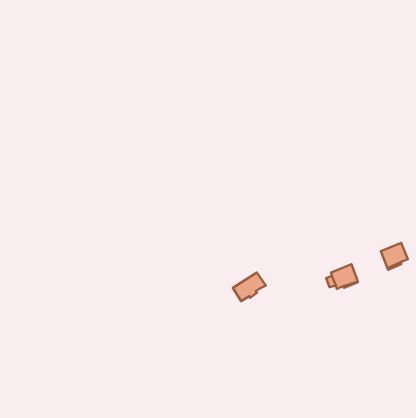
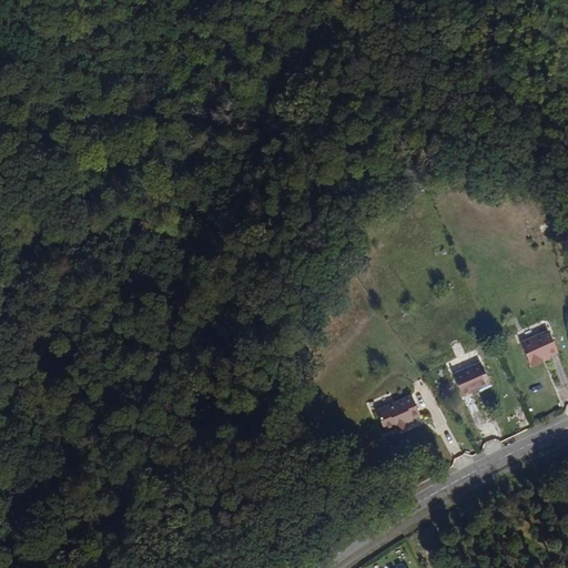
building: [233,272,266,301] -> [383,396,427,435]

